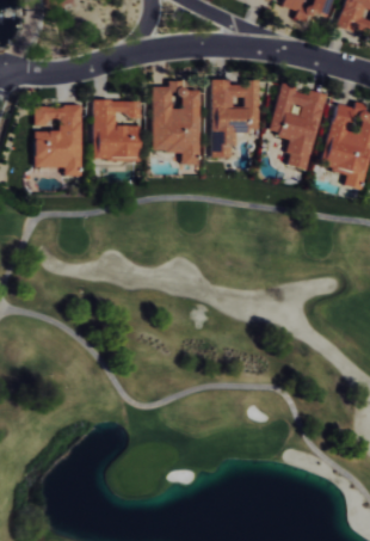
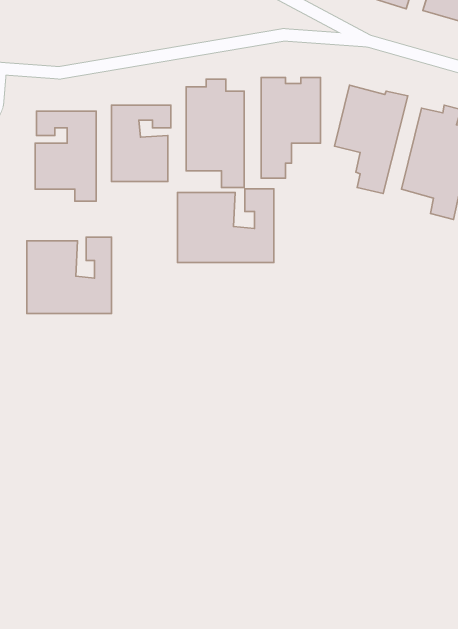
building: none -> [177,189,274,263]
building: none -> [27,237,111,314]

